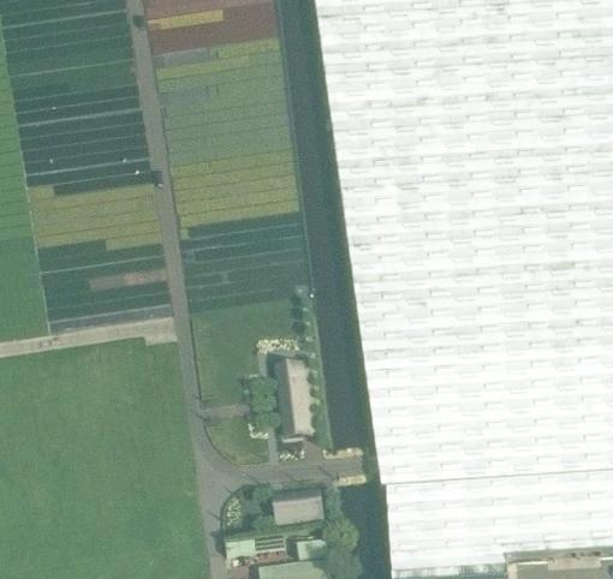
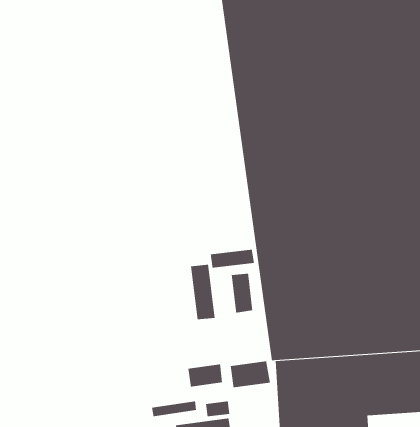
building: none -> [210,249,254,269]
building: none -> [231,273,253,314]
building: none -> [230,361,270,388]

